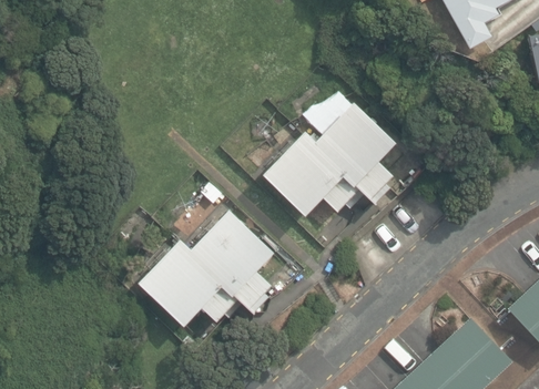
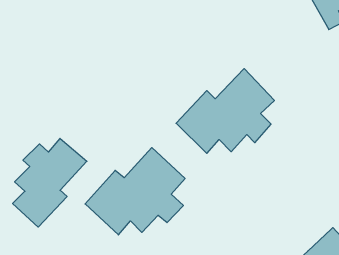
building: none -> [13,138,87,227]

